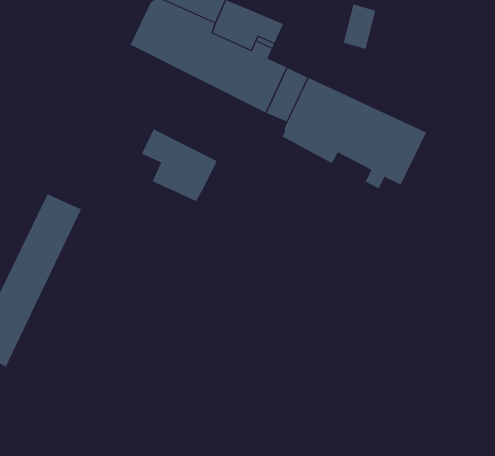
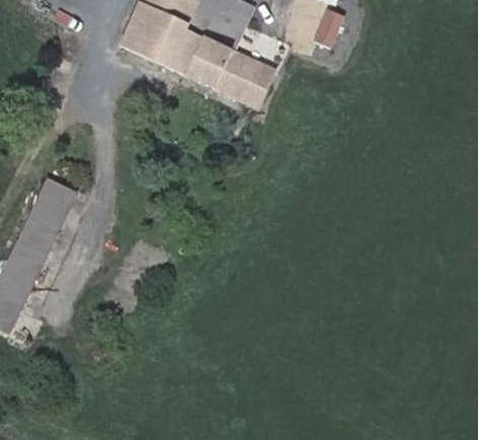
building: [282,77,427,189] -> none
building: [141,129,218,202] -> none

